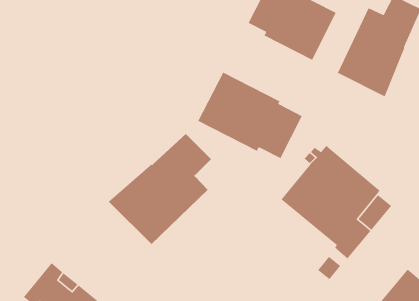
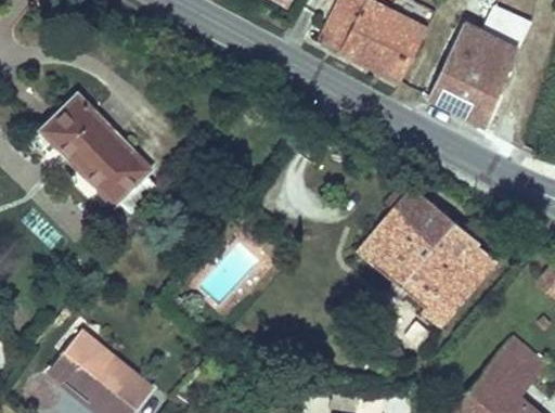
building: none -> [41,92,159,215]
building: [197,72,303,159] -> none
building: [108,133,212,245] -> none

